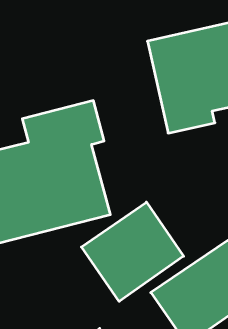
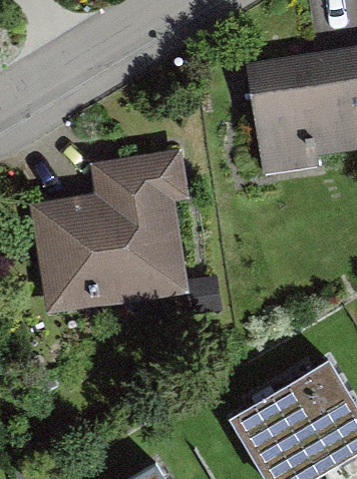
building: [81,202,184,301] -> none

